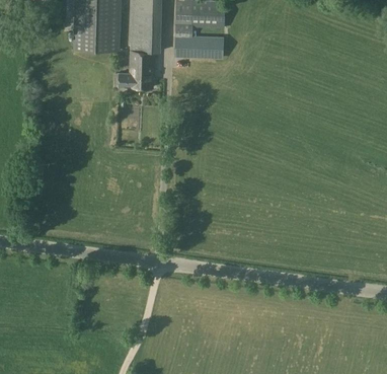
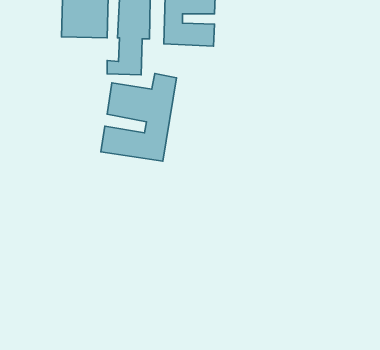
building: none -> [101,74,176,161]

